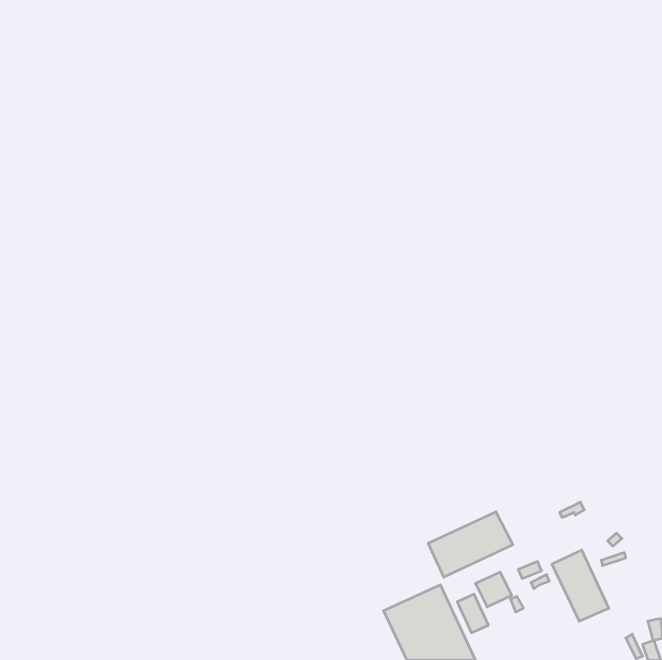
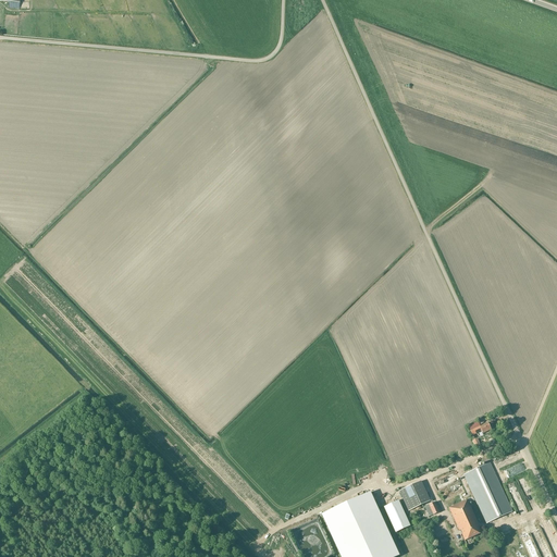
building: [428,512,513,577] -> none
building: none -> [448,498,482,540]

